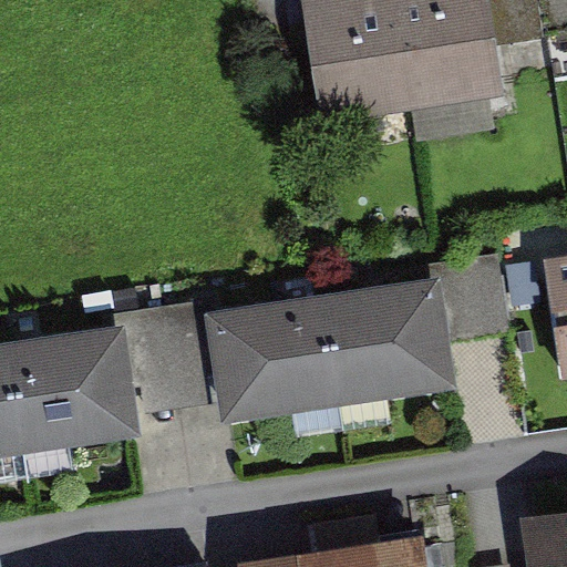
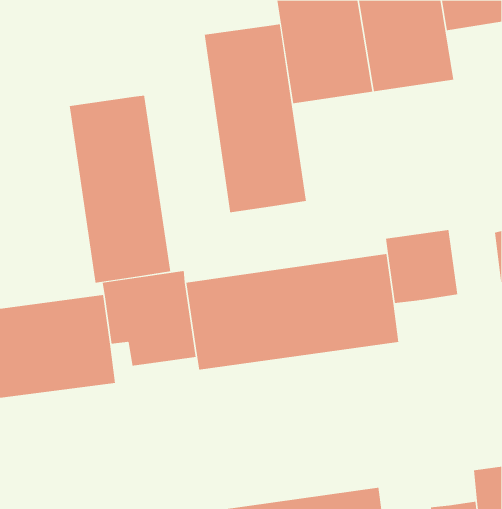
building: none -> [204,24,306,213]
building: none -> [69,95,171,283]

